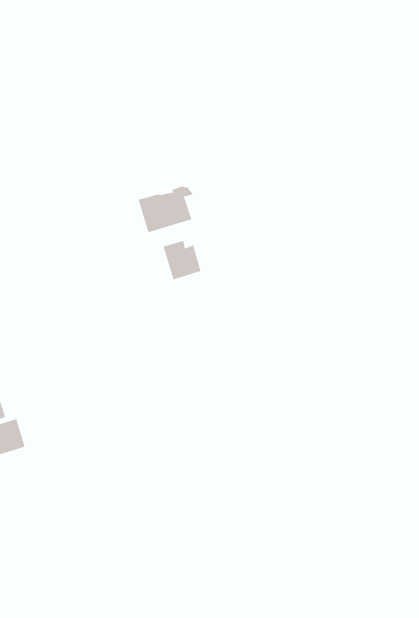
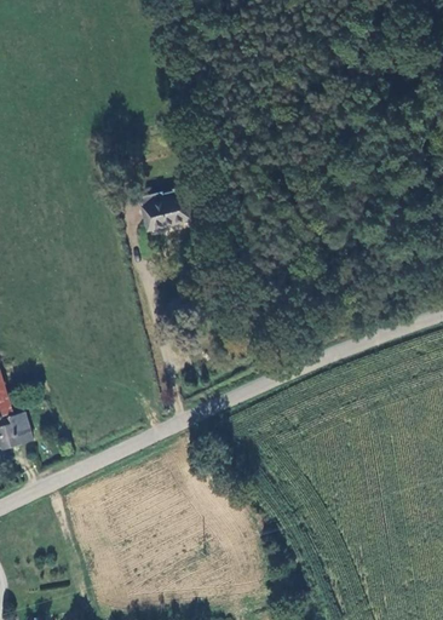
building: [163,240,201,280] -> none

